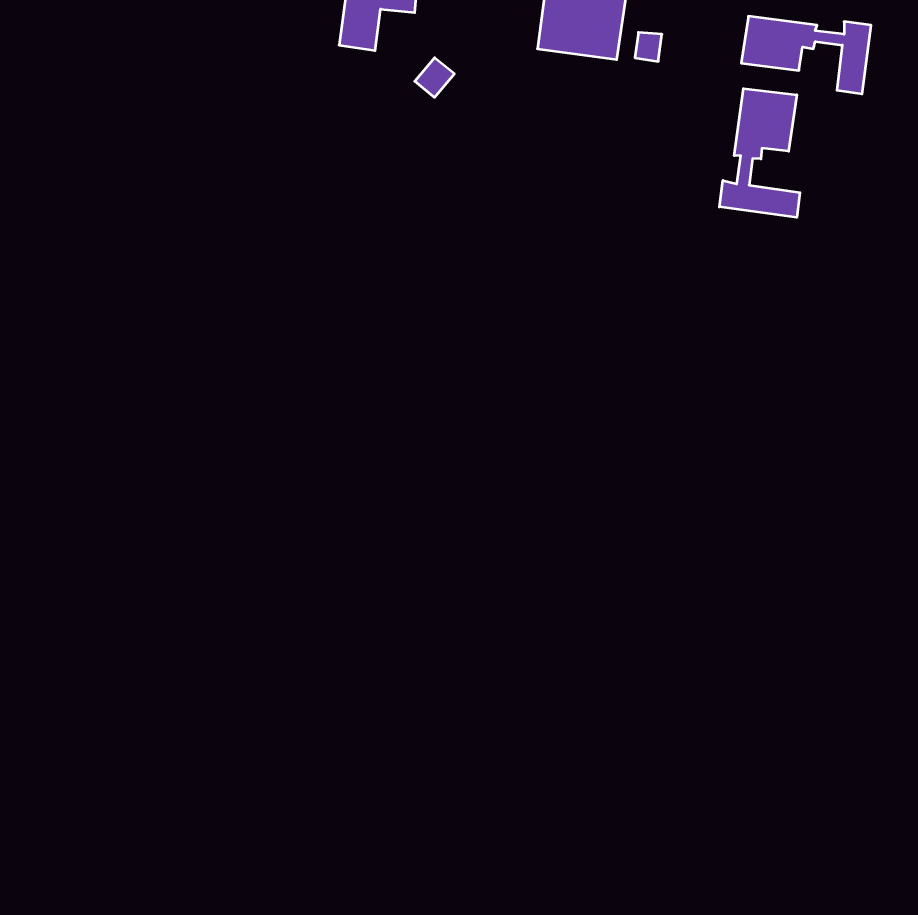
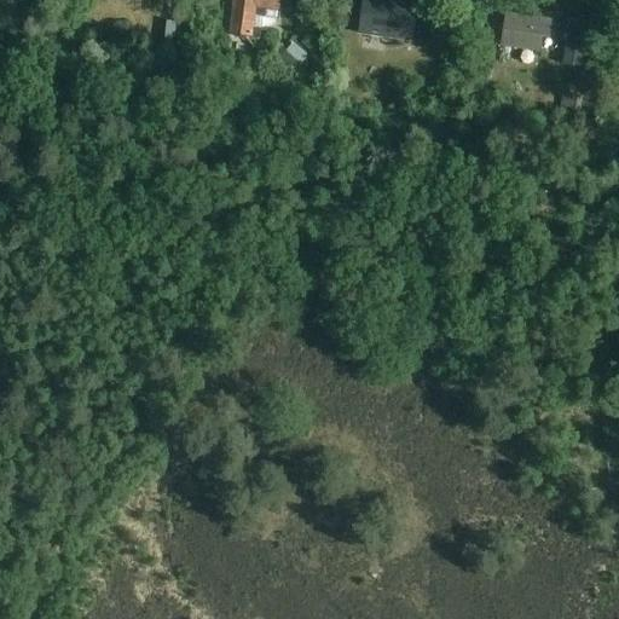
building: [719,89,800,217] -> none

